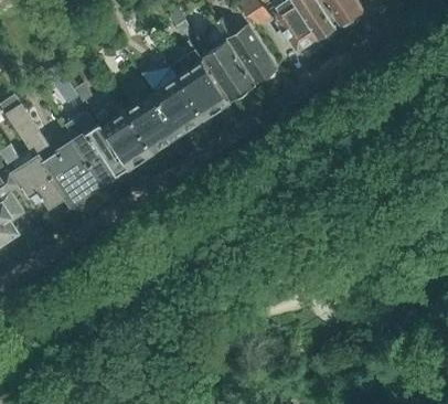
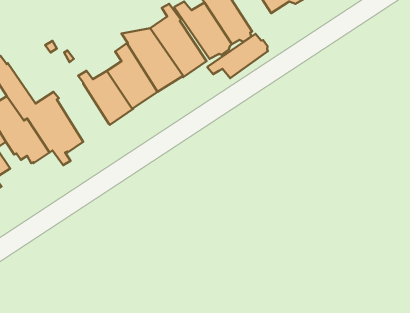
building: none -> [208,34,268,78]
building: [68,113,129,187] -> none

